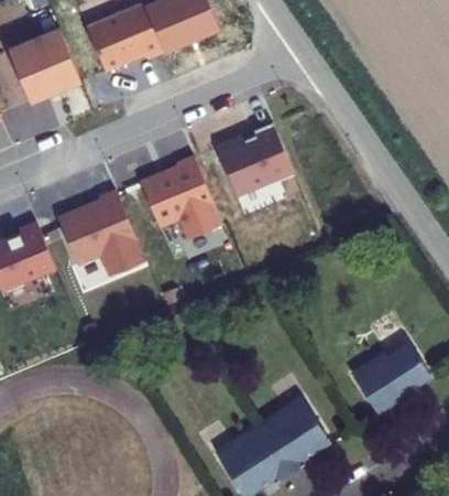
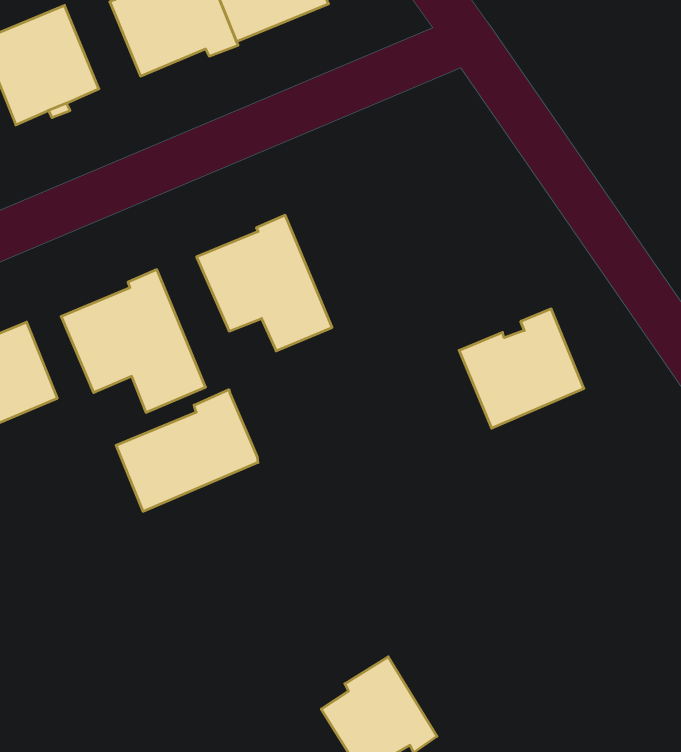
building: [217,123,293,196] -> [459,309,584,428]
building: none -> [116,390,258,511]
building: [351,345,429,416] -> none
building: [256,403,327,474] -> none

